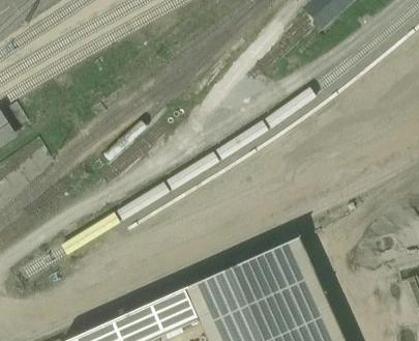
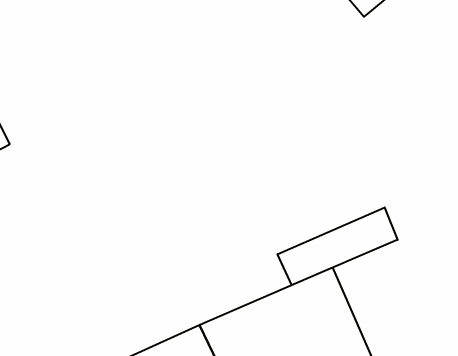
building: none -> [278,207,398,285]

